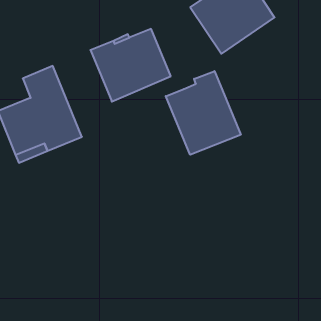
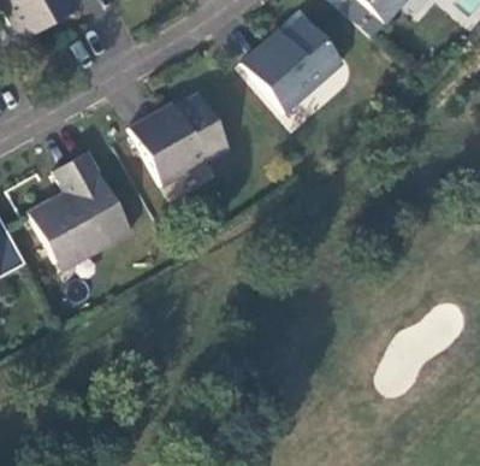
building: [166,71,241,155] -> none

